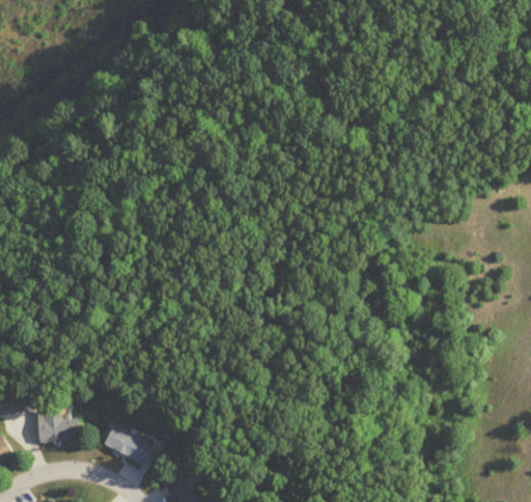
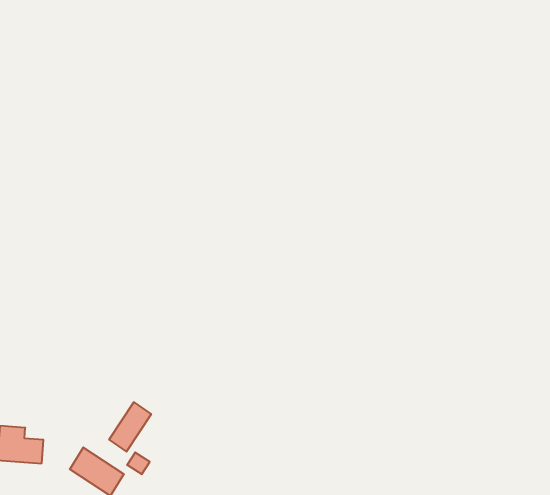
building: none -> [109,402,151,452]

